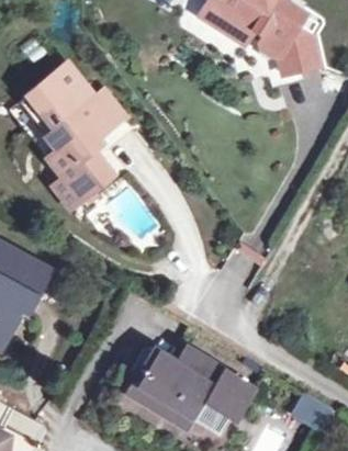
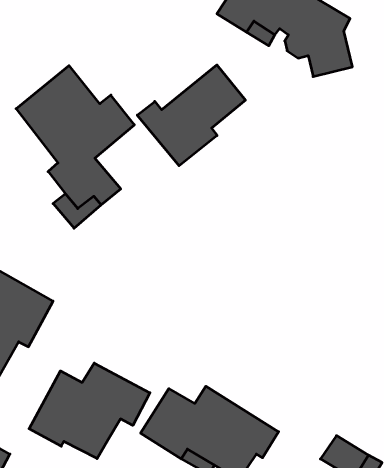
building: none -> [137,65,245,166]
building: none -> [29,363,150,459]

